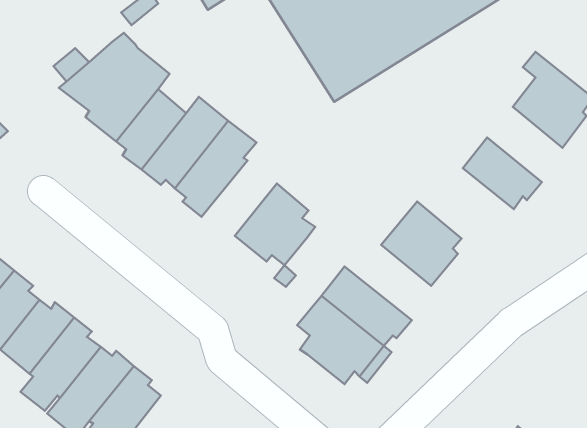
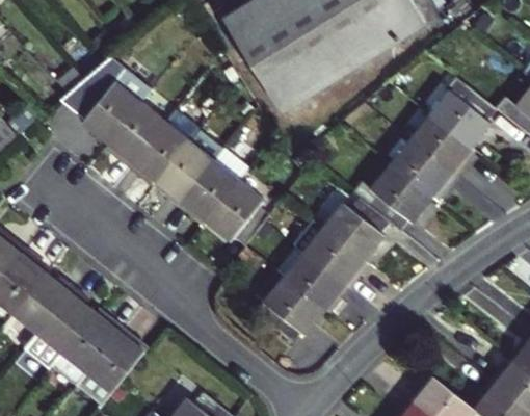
building: none -> [408,116,470,178]
building: none -> [176,148,246,222]
building: none -> [351,166,430,232]
building: none -> [292,222,363,290]

